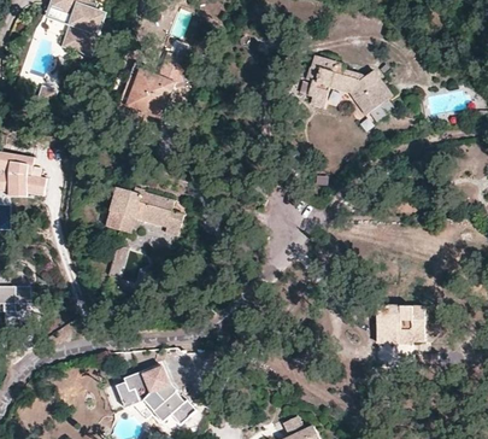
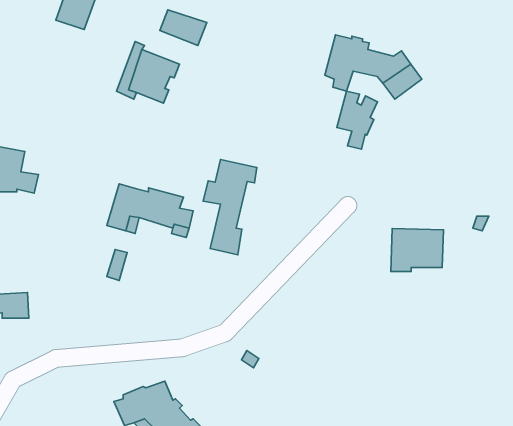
building: none -> [160,10,207,45]
building: none -> [337,91,377,149]
building: none -> [203,159,257,255]
building: [376,304,423,343] -> [391,229,443,272]

